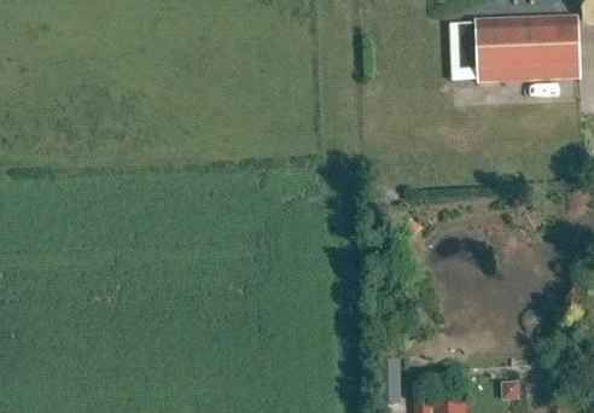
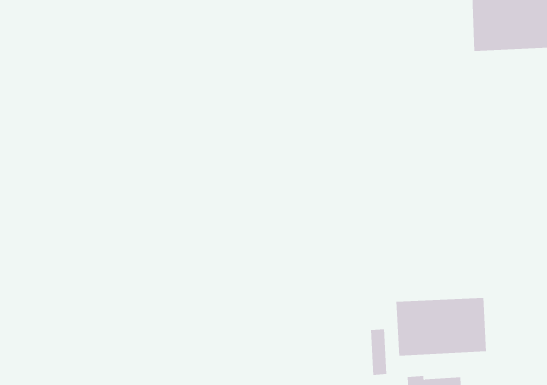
building: none -> [396,297,487,357]

